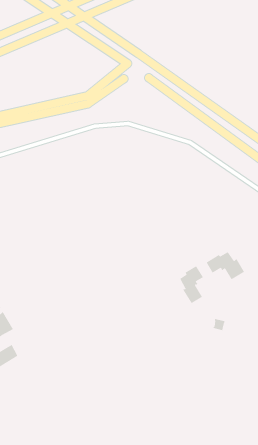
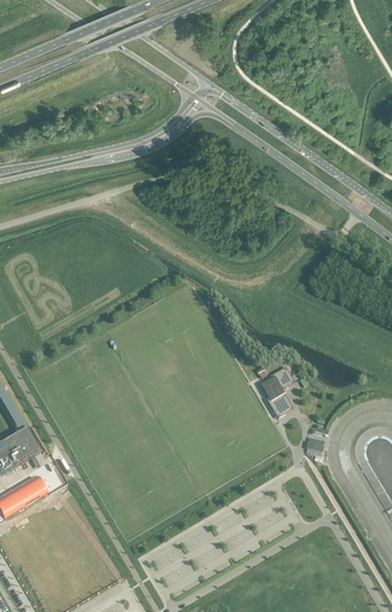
building: [206,252,245,280] -> none

